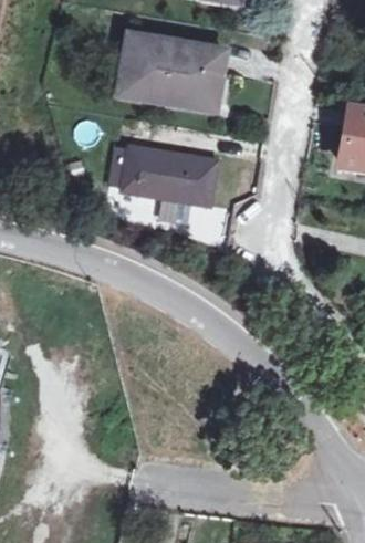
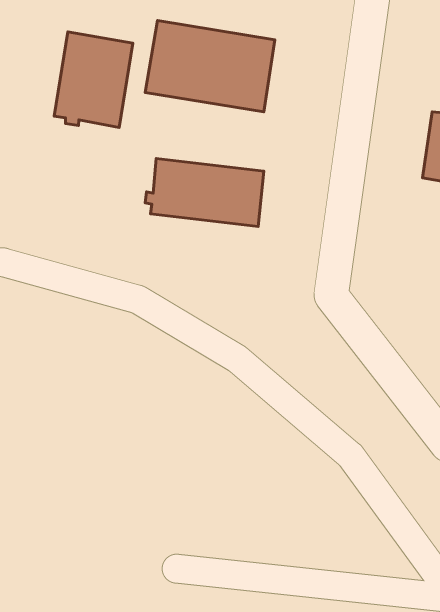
building: none -> [54,32,133,127]

